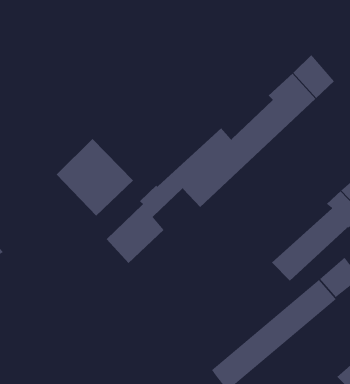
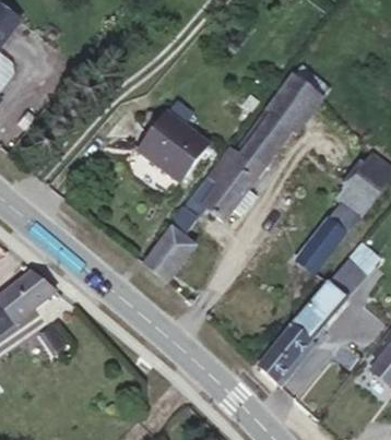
building: [56,138,134,217] -> [139,111,210,181]

